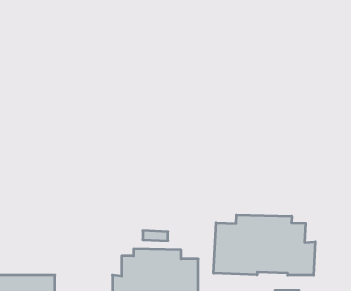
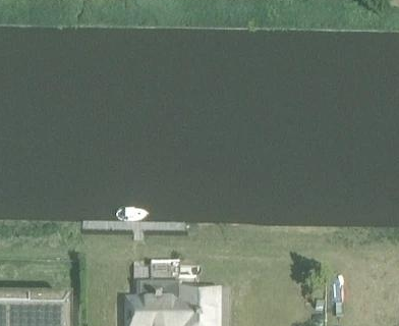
building: [214,215,315,275] -> none

